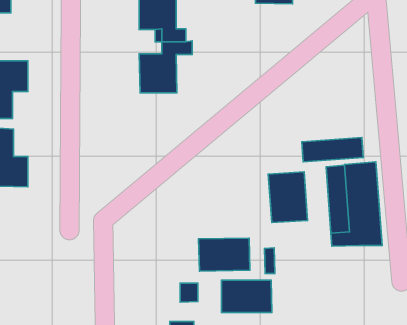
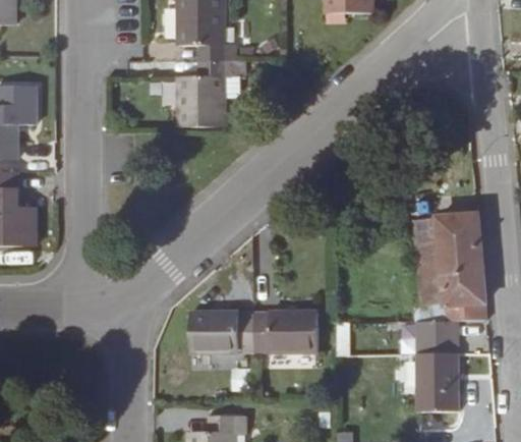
building: [302,138,363,162] -> none
building: [268,172,308,223] -> none
building: none -> [417,319,457,409]
building: [221,280,272,312] -> [189,311,253,351]

